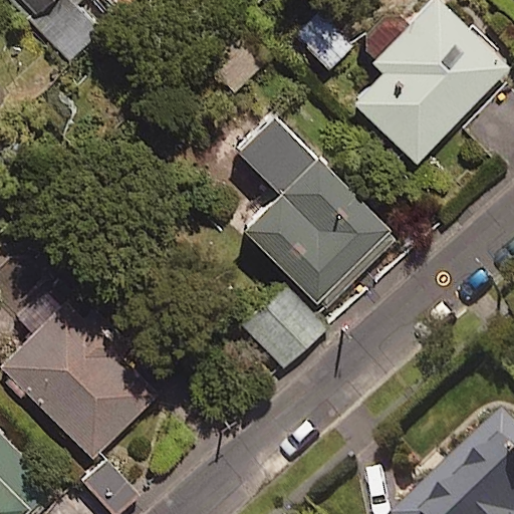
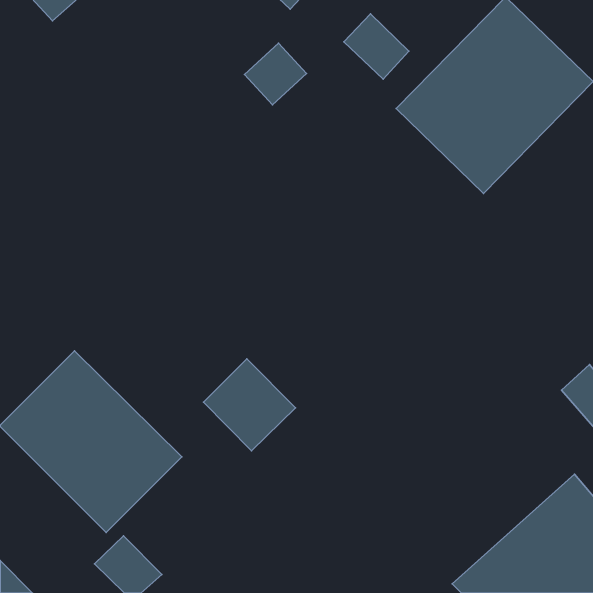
building: [238,118,392,310] -> none
building: [243,287,322,366] -> [204,359,296,451]

